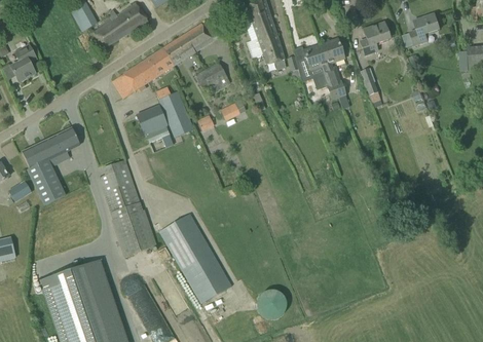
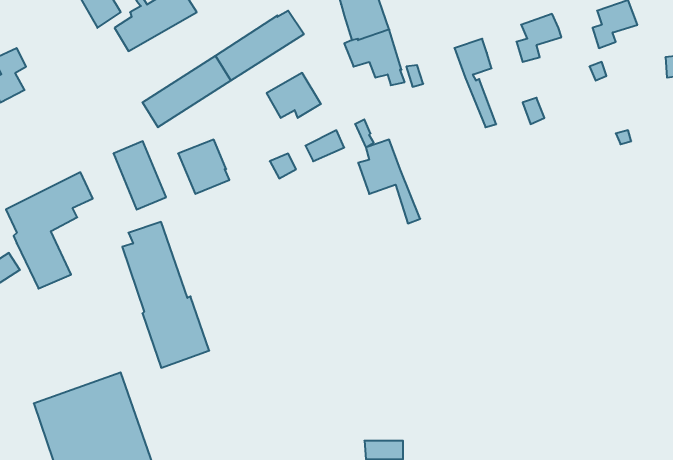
building: [298,44,339,100] -> [358,140,420,223]
building: [158,90,193,136] -> [113,141,166,210]
building: [158,213,231,302] -> none

